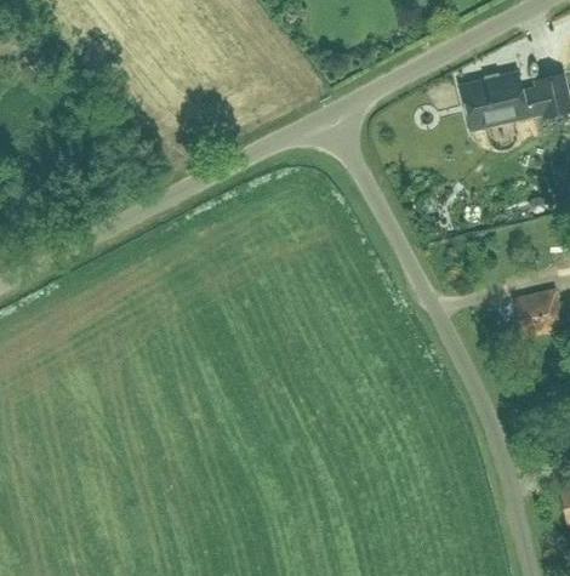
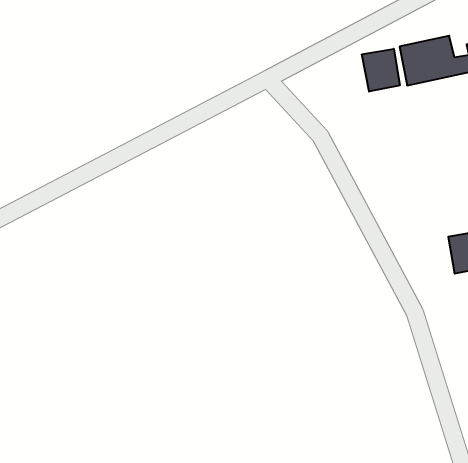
building: none -> [362,49,400,92]

